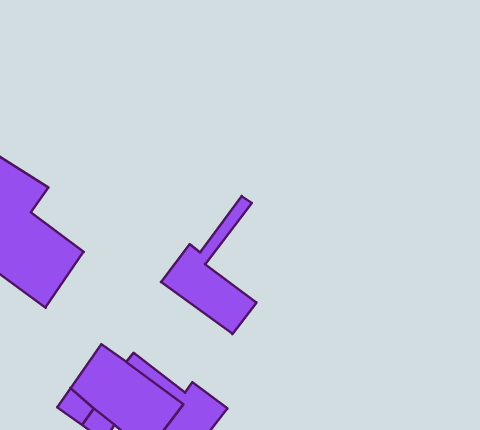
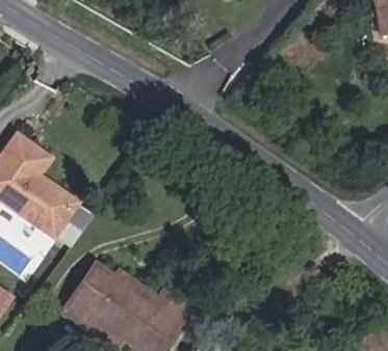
building: [161,196,256,334] -> none

